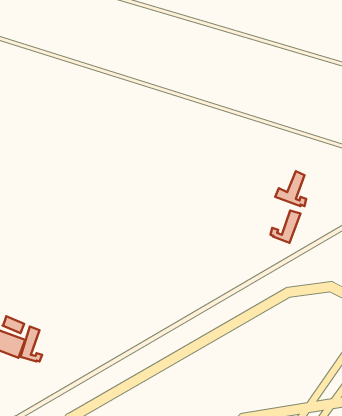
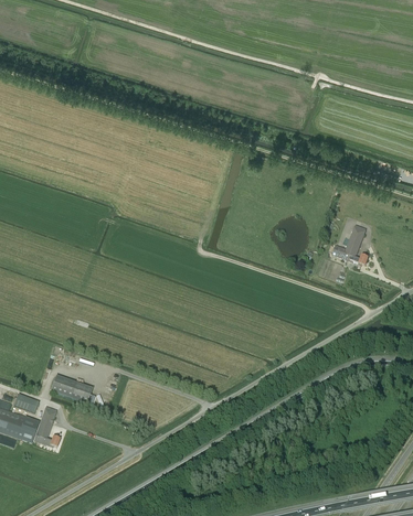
building: [271,210,301,243] -> none
building: none -> [51,375,93,404]

